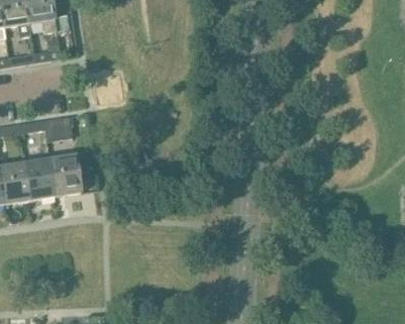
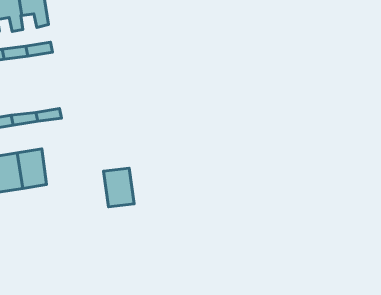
building: [48,153,80,193] -> [103,168,134,207]

